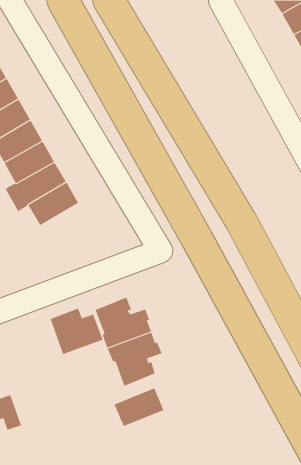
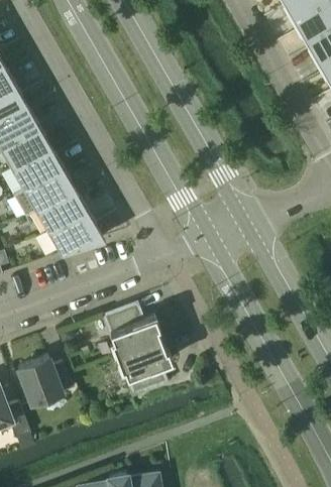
building: none -> [47,209,104,254]
building: [50,308,104,355] -> [18,356,73,403]
building: [114,387,164,427] -> none

